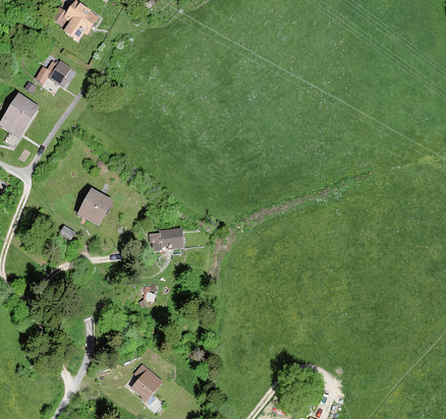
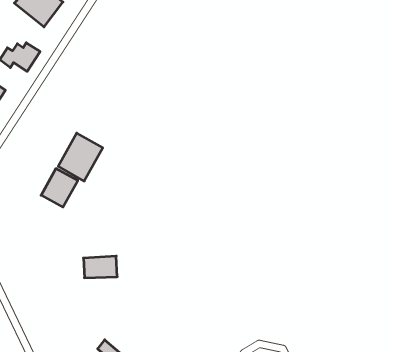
building: none -> [58,133,103,181]
building: [149,229,183,251] -> [83,256,117,278]

